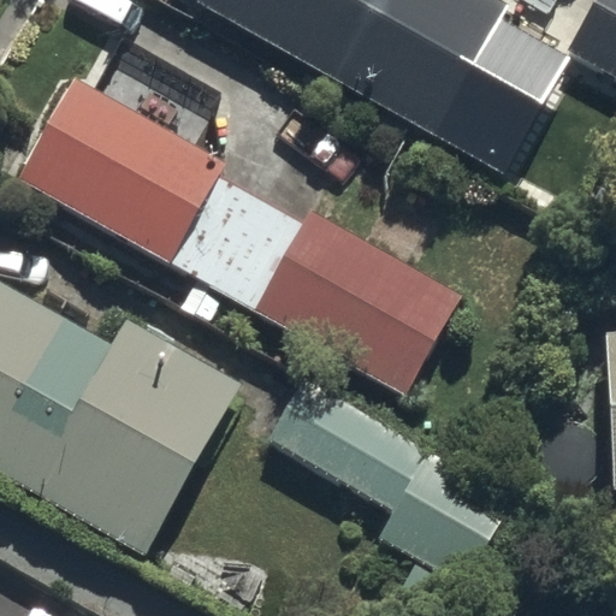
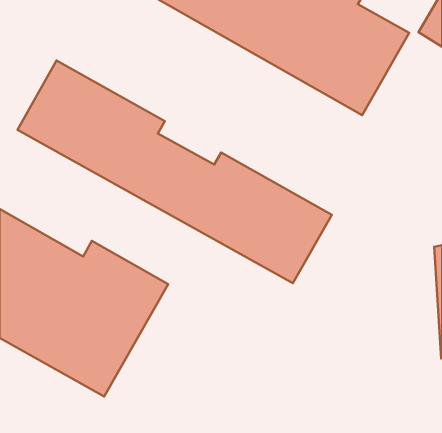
building: [277,384,513,587] -> none

